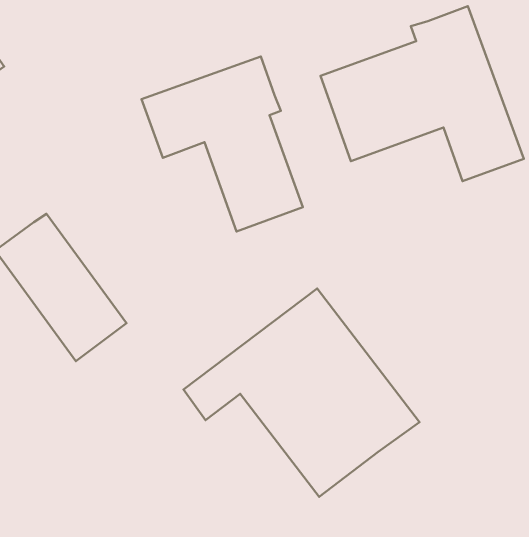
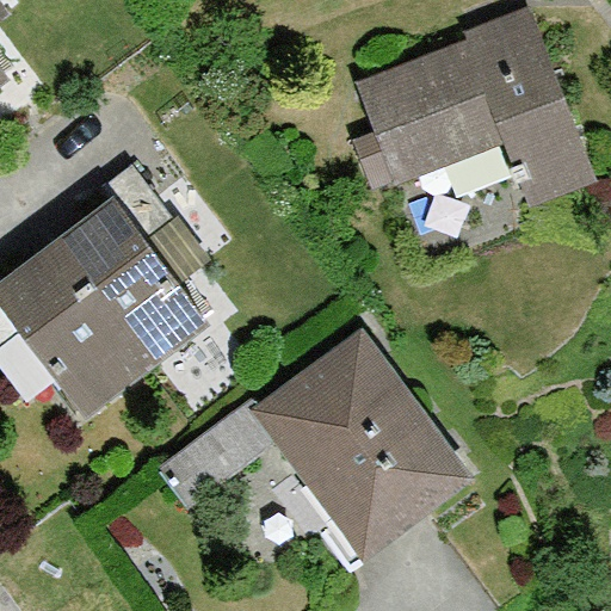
building: [142,56,303,232] -> none
building: none -> [53,198,204,366]

